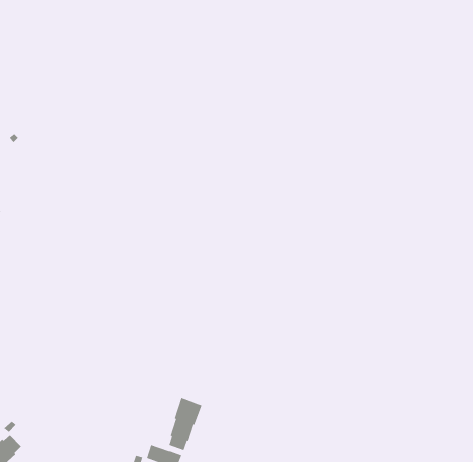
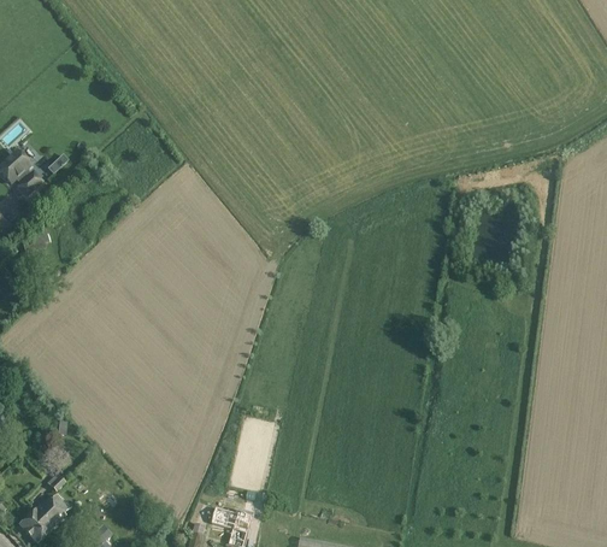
building: [169,397,202,451] -> none

